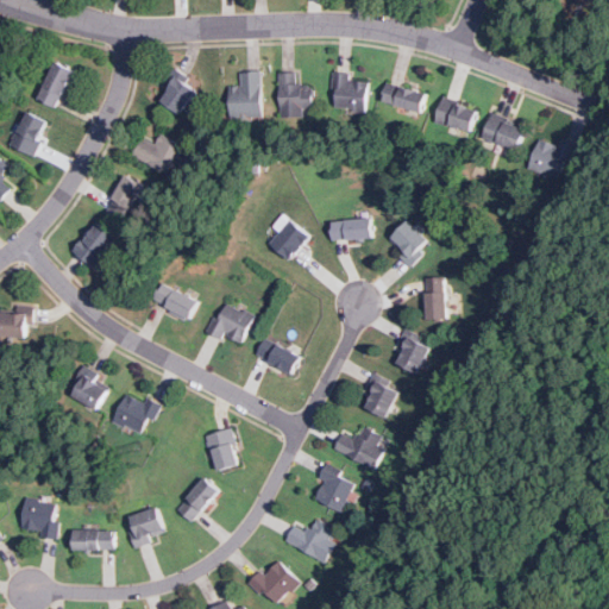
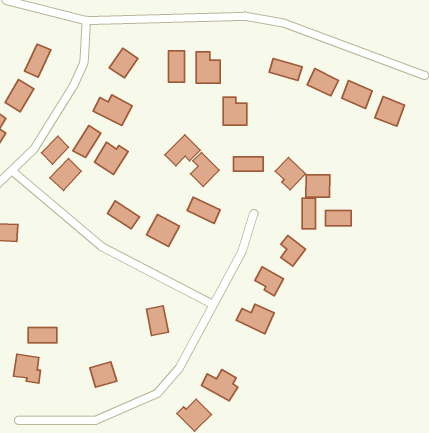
building: [331,73,364,112] -> [223,97,247,125]
building: none -> [165,135,200,166]
building: none -> [42,136,69,164]
building: none -> [94,142,128,174]
building: none -> [306,175,330,197]
building: none -> [326,211,351,226]
building: [253,338,300,375] -> [187,197,220,223]
building: [69,375,107,410] -> none
building: [111,393,156,435] -> none
building: [312,470,353,510] -> none
building: [175,478,218,521] -> none
building: [71,528,112,550] -> [28,328,57,343]

